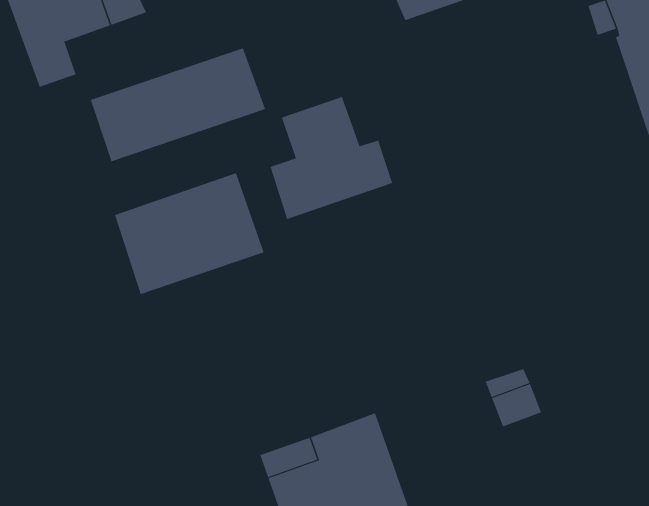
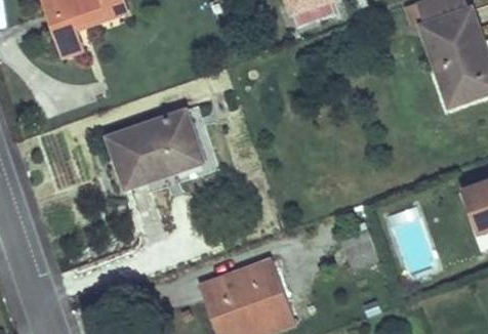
building: [90,47,266,162] -> none
building: [270,96,393,220] -> none

